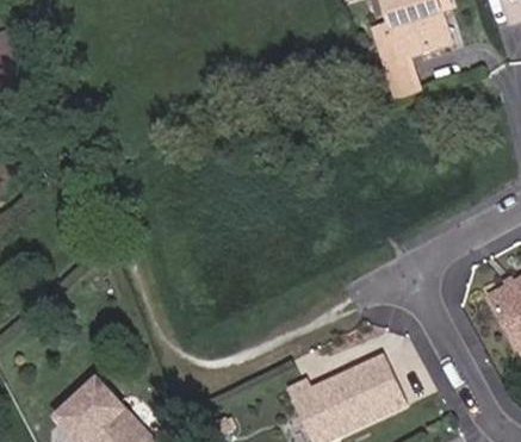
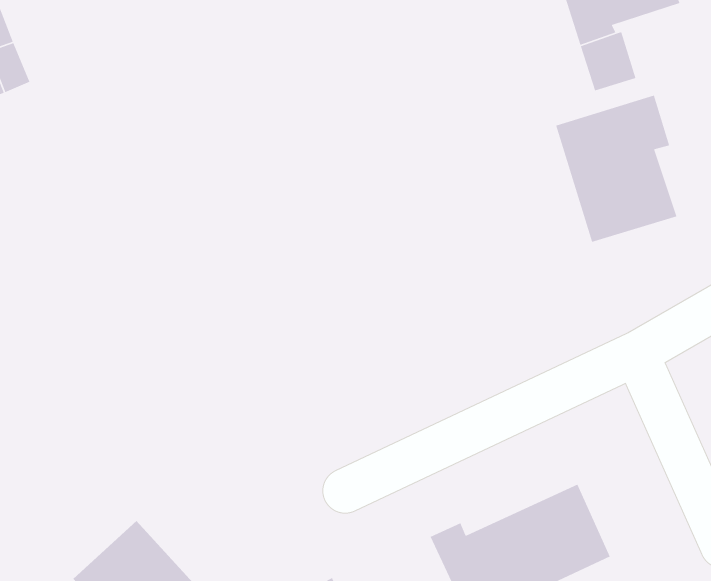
building: none -> [555,94,678,243]

